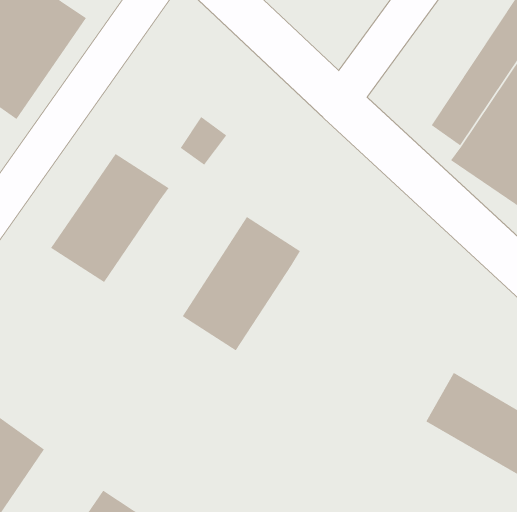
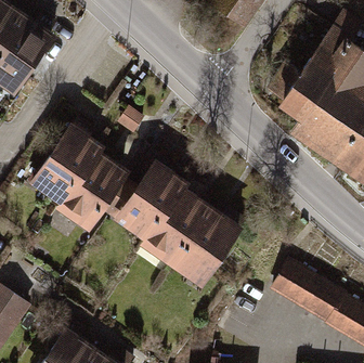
building: none -> [66,154,136,233]
building: none -> [148,194,245,289]

